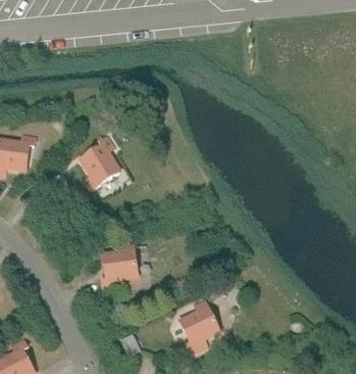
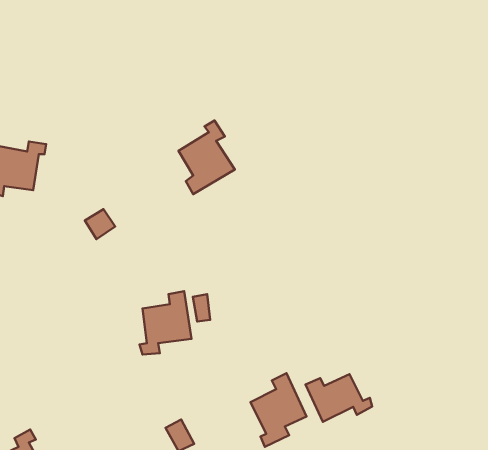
building: [81,136,120,188] -> [179,121,235,194]
building: none -> [305,374,372,422]

